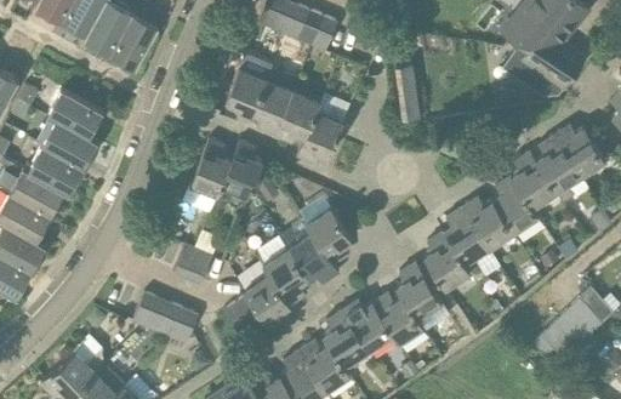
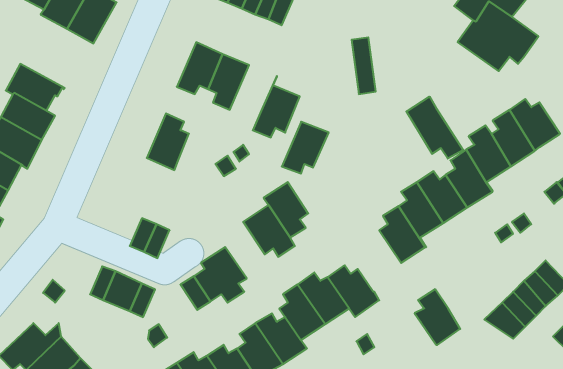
building: [274,90,321,142] -> [282,122,329,174]
building: none -> [406,97,463,159]
building: [222,141,264,198] -> none
building: [263,247,309,304] -> none
building: [397,262,443,318] -> [415,289,460,345]

